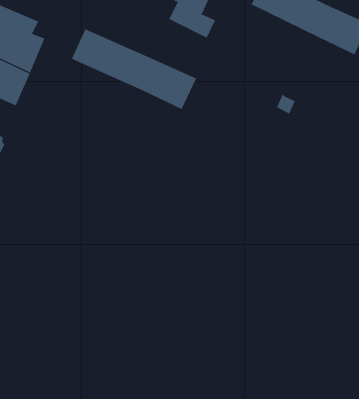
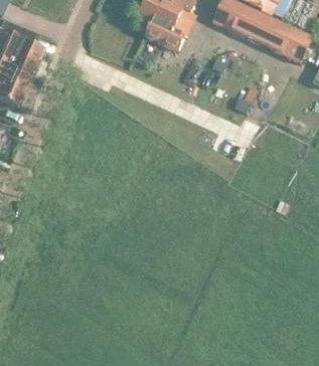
building: [71,28,197,110] -> none

